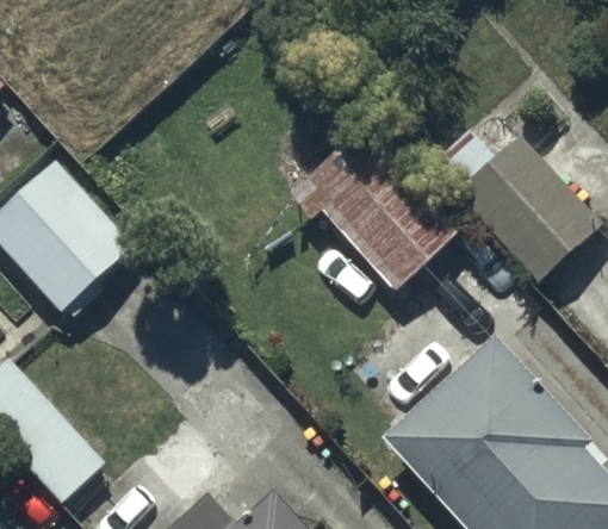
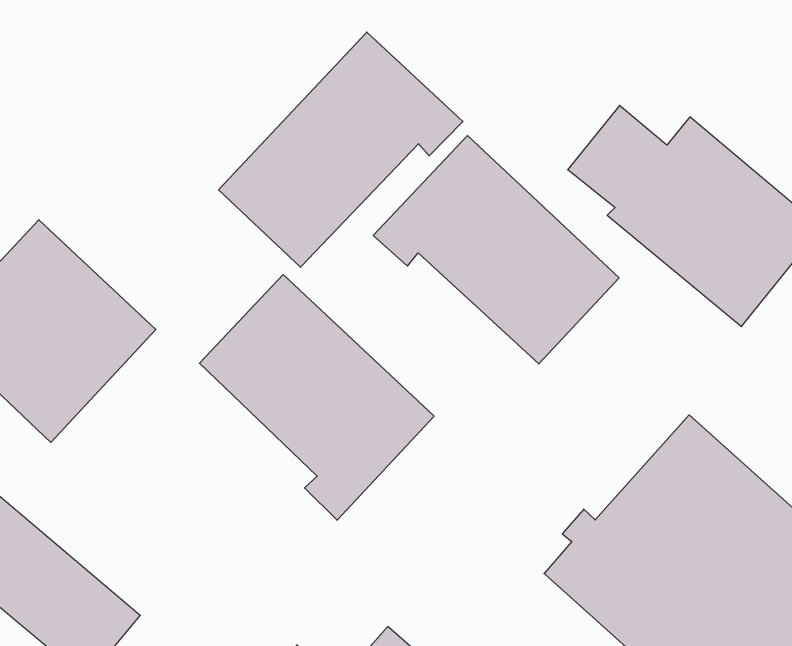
building: none -> [219,32,463,267]
building: none -> [199,275,434,520]

